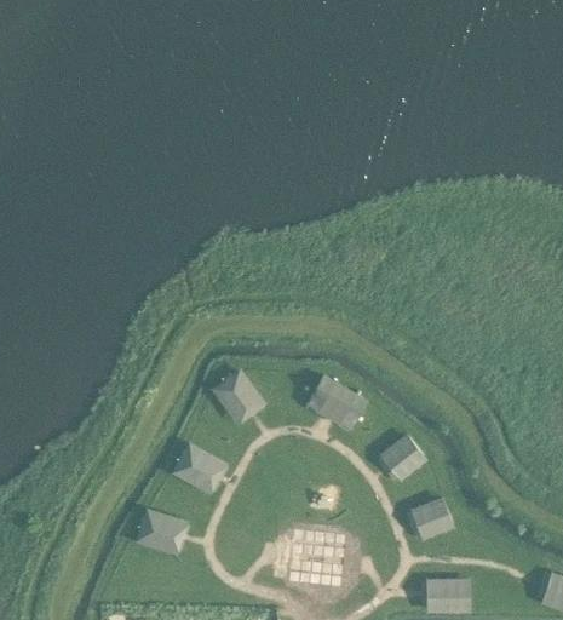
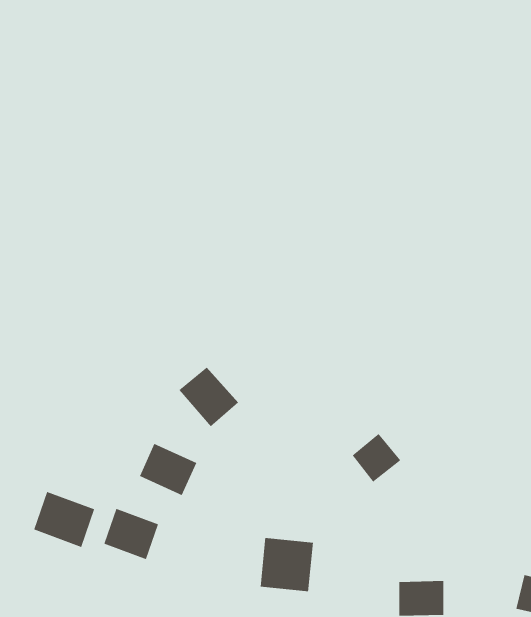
building: [304,374,366,429] -> none
building: none -> [33,491,95,548]
building: [408,495,453,539] -> none

